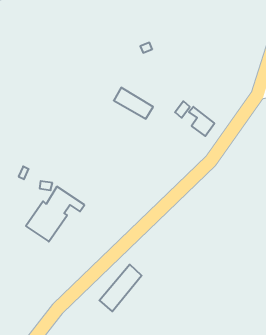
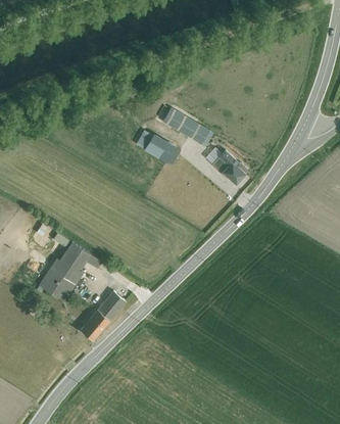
building: none -> [162,107,209,144]
building: [99,265,142,311] -> [79,290,126,342]

